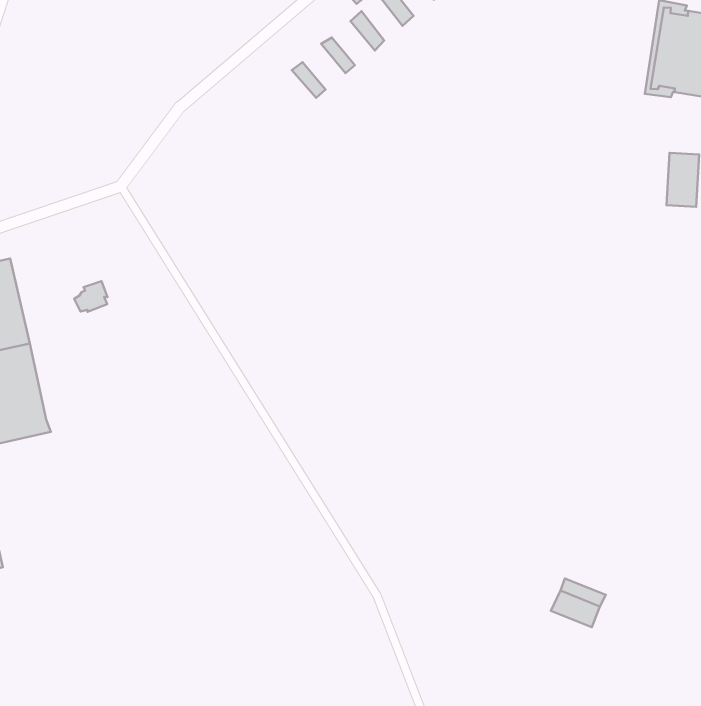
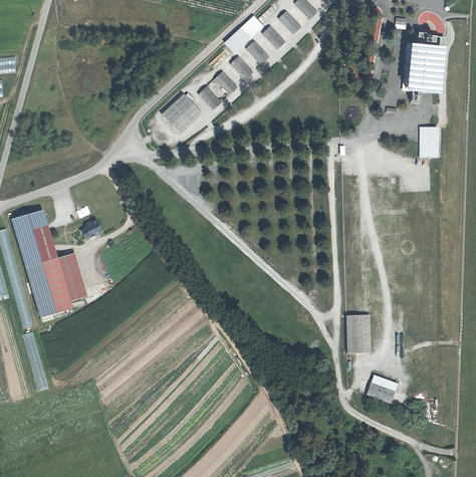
building: none -> [165,95,201,131]
building: none -> [58,251,88,300]
building: none -> [346,314,364,352]

